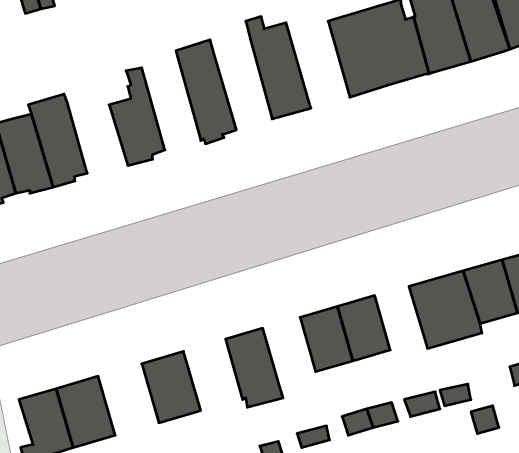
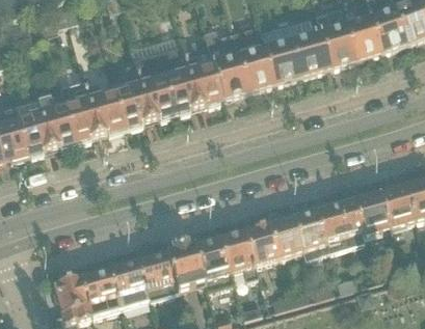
building: none -> [232,26,274,90]
building: none -> [183,45,222,106]
building: none -> [133,52,176,119]
building: none -> [85,83,126,134]
building: none -> [291,210,326,258]
building: none -> [216,230,255,278]
building: none -> [163,245,203,293]
building: none -> [106,262,147,309]

